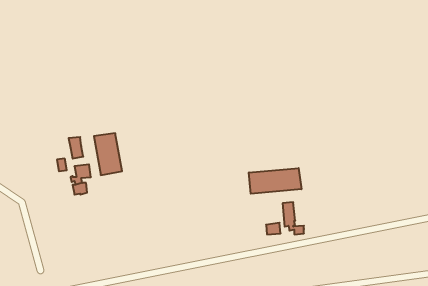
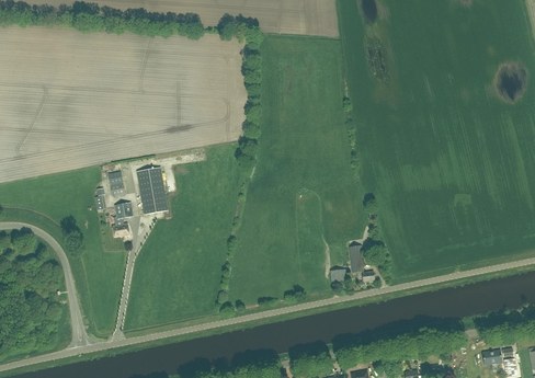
building: [249,168,301,194] -> none

